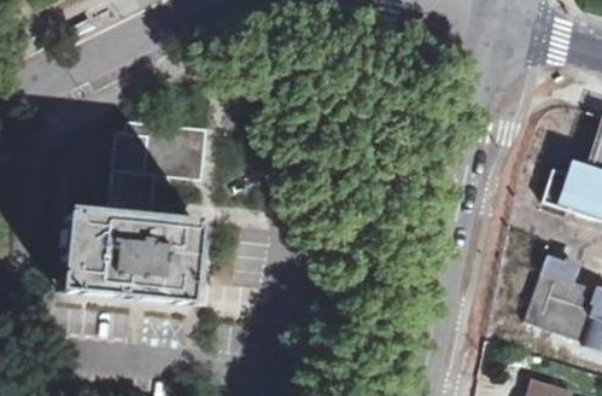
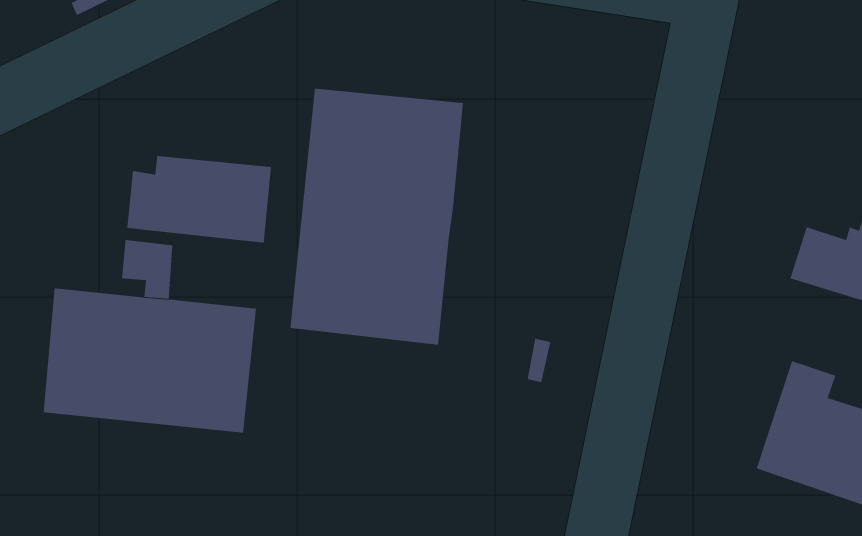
building: none -> [290,88,464,345]

